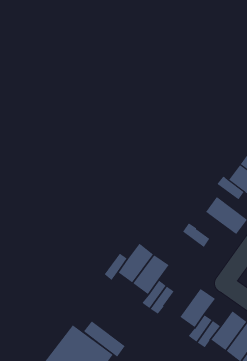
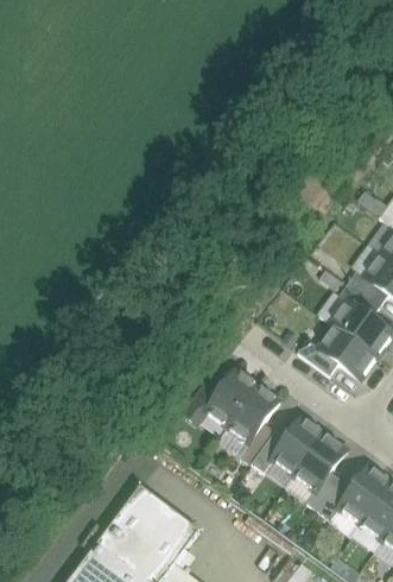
building: none -> [318,324,375,378]
building: none -> [271,416,323,474]
building: [83,321,125,357] -> none

